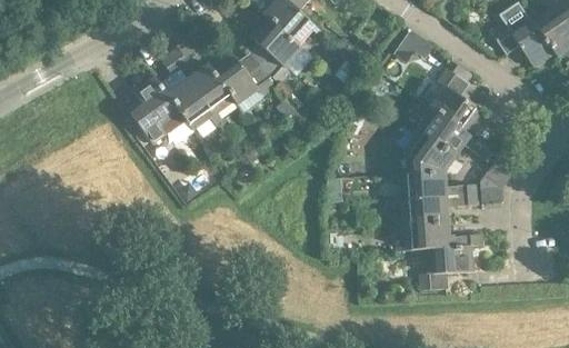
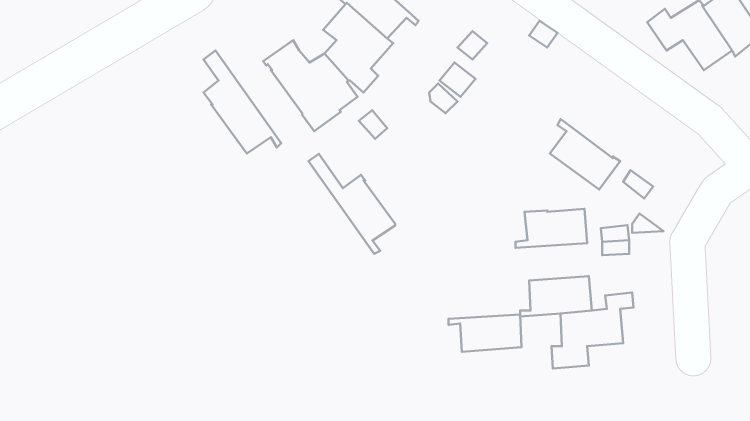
building: [170,47,234,121] -> [308,154,395,254]
building: [430,67,481,132] -> none
building: [133,74,181,143] -> none
building: [403,125,456,172] -> none
building: [393,196,448,223] -> [448,314,522,352]

